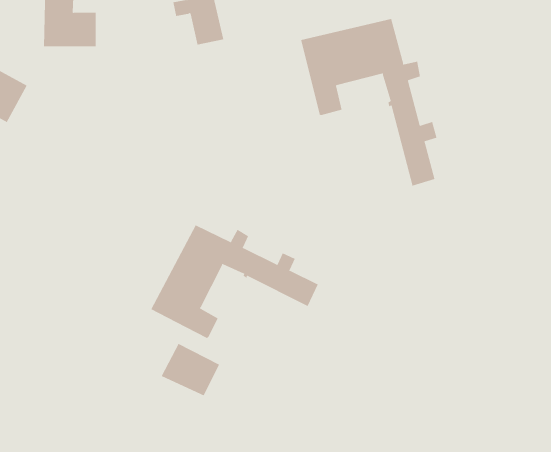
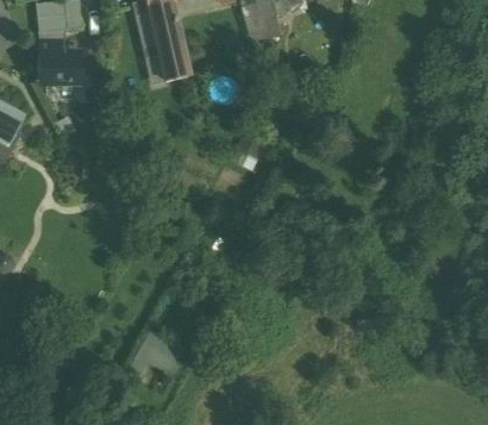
building: [301,18,437,186] -> none
building: [151,225,318,339] -> none

